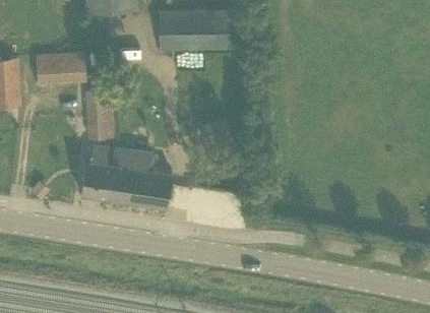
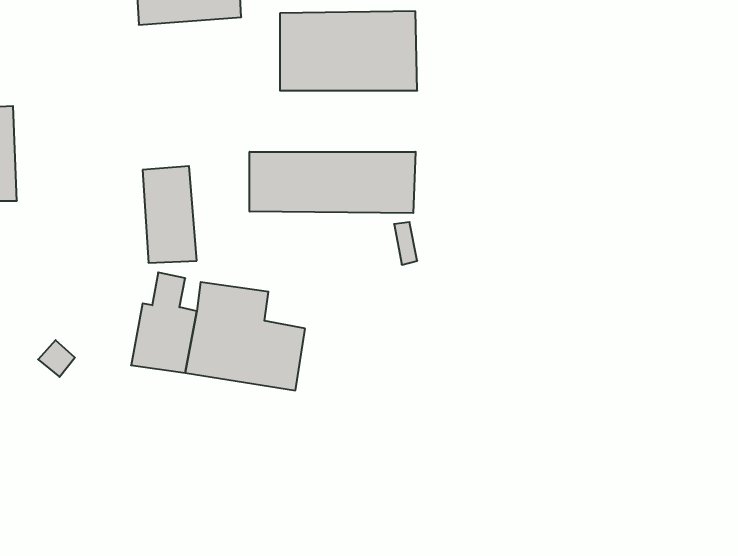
building: [37,52,86,81] -> none
building: none -> [250,152,416,213]

